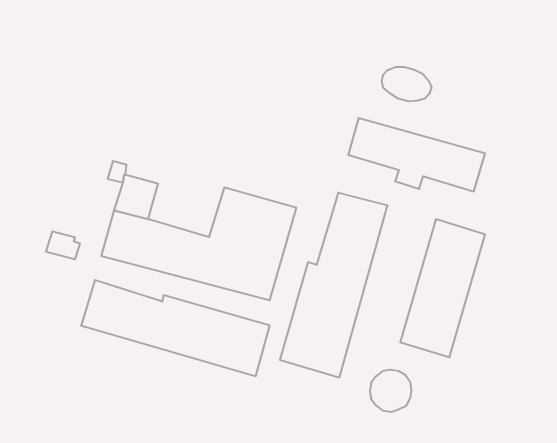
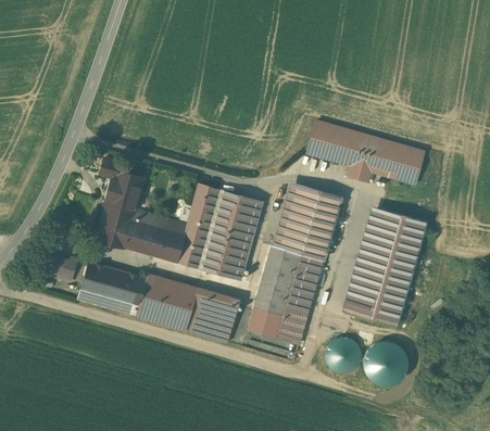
building: [382,67,431,102] -> none
building: [46,231,80,259] -> [45,257,74,281]
building: none -> [368,347,403,382]

